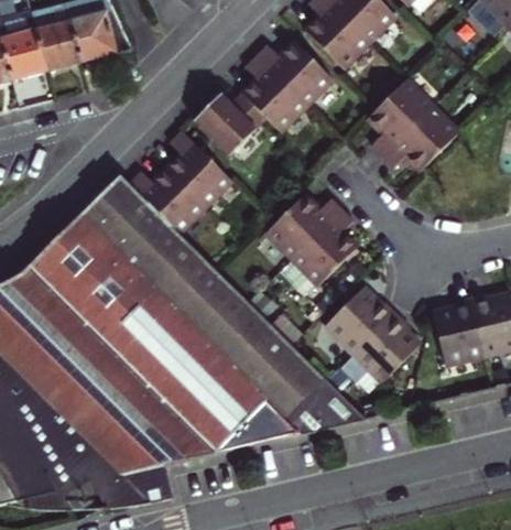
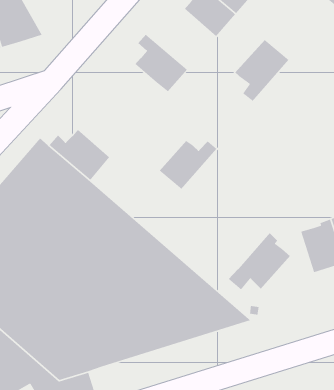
building: [258,41,333,105] -> none
building: [195,94,267,156] -> none
building: [383,101,459,167] -> none
building: [166,133,229,206] -> none
building: [289,205,351,279] -> none
building: [323,286,393,354] -> none

